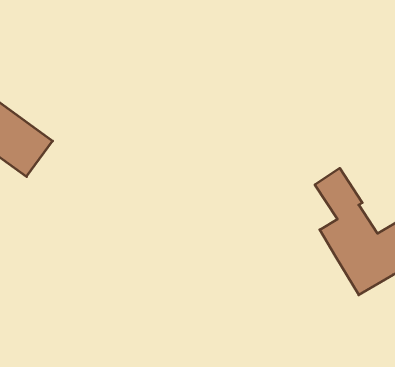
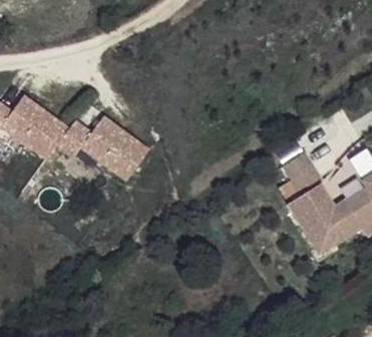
building: none -> [48,113,140,177]

